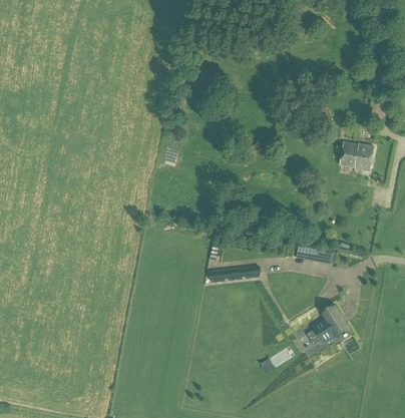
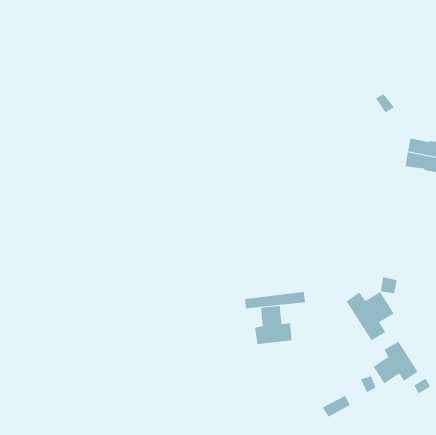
building: none -> [346,291,394,341]
building: none -> [255,305,292,345]

